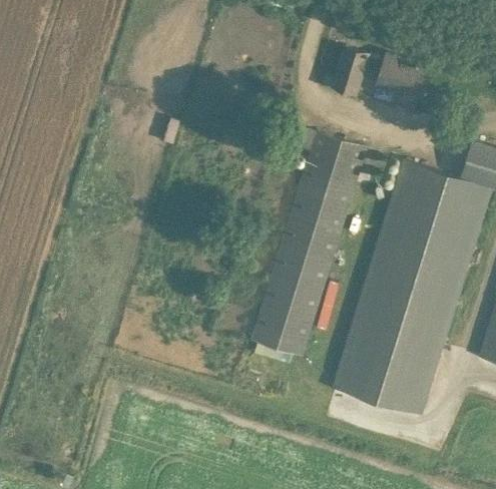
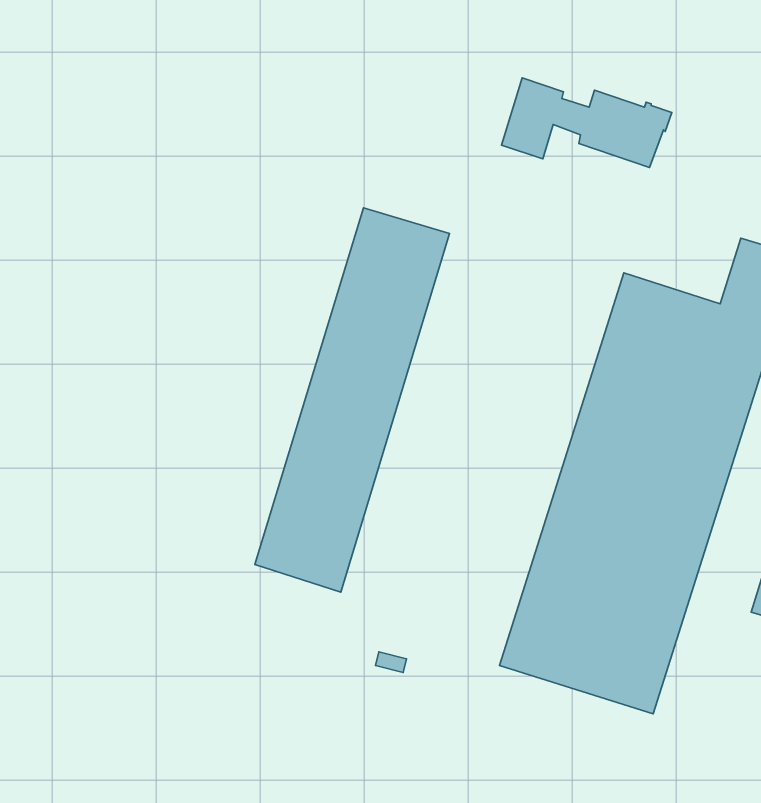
building: [254,133,367,357] -> [255,208,450,592]

